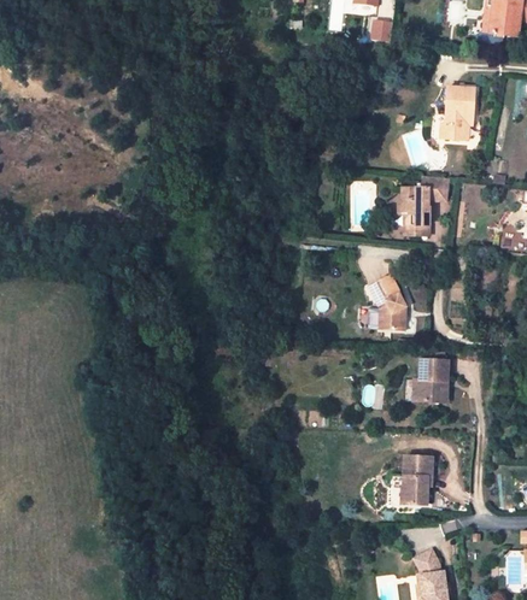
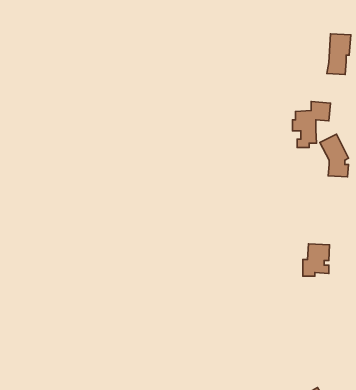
building: [368,276,405,331] -> [320,134,348,177]
building: [403,458,432,506] -> none

